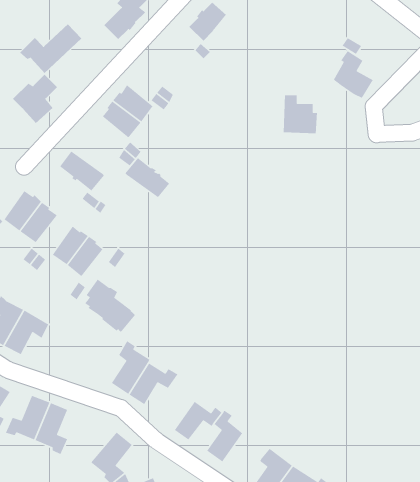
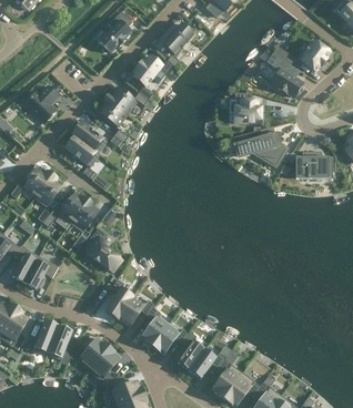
building: [19,23,82,74] -> none
building: none -> [301,40,329,69]
building: none -> [133,54,161,84]
building: none -> [235,133,283,163]
building: [124,157,170,198] -> [71,120,105,151]
building: none -> [294,150,331,177]
building: none -> [140,306,167,345]
building: none -> [69,336,108,369]
building: none -> [188,347,224,377]

